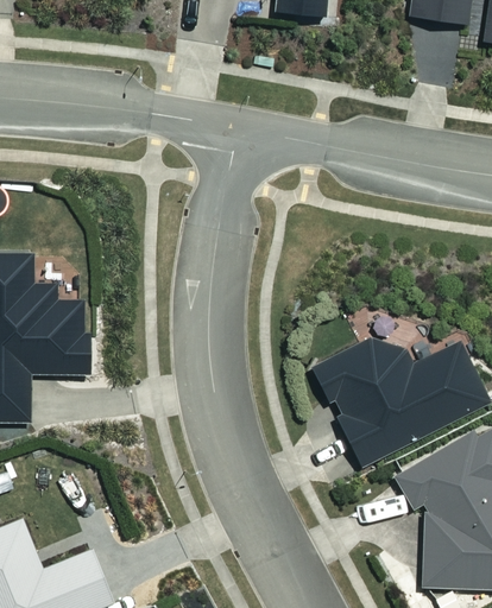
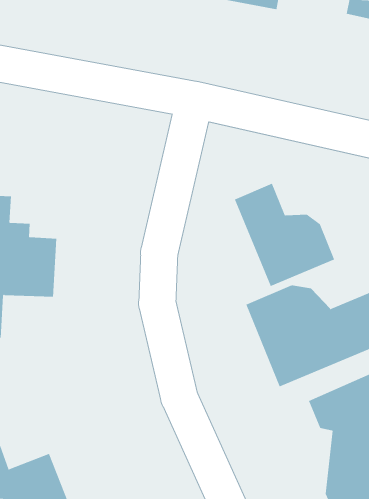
building: none -> [234,183,335,287]

